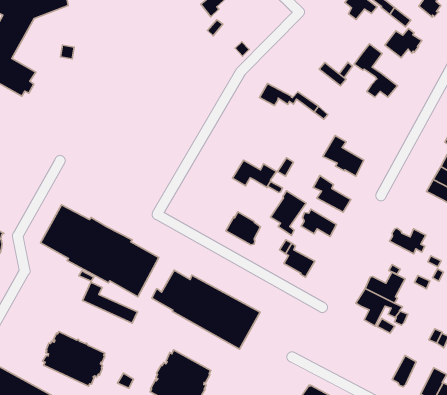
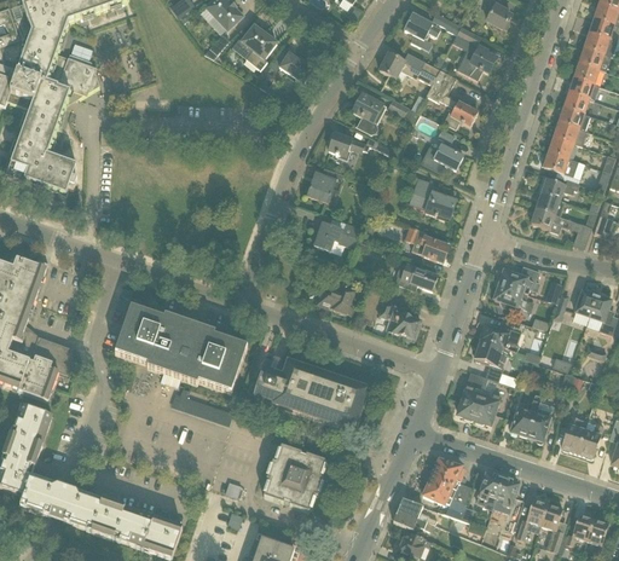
building: none -> [278,51,312,81]
building: none -> [378,51,439,82]
building: none -> [352,92,384,133]
building: none -> [420,127,462,172]
building: none -> [306,166,342,201]
building: [271,191,306,235] -> none
building: none -> [492,283,532,310]
building: none -> [457,370,501,423]
building: [43,331,105,386] -> none
building: none -> [509,392,540,435]

